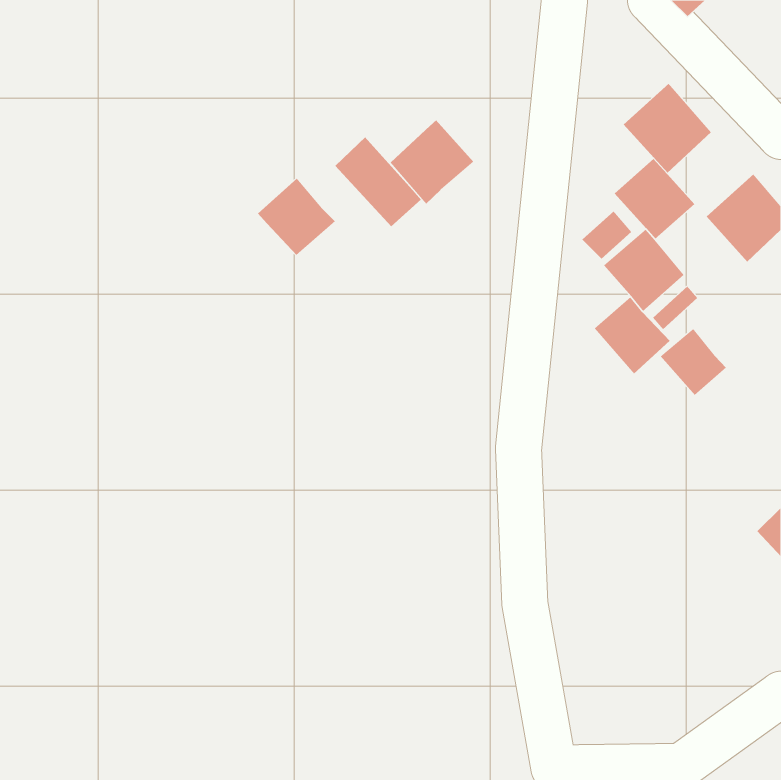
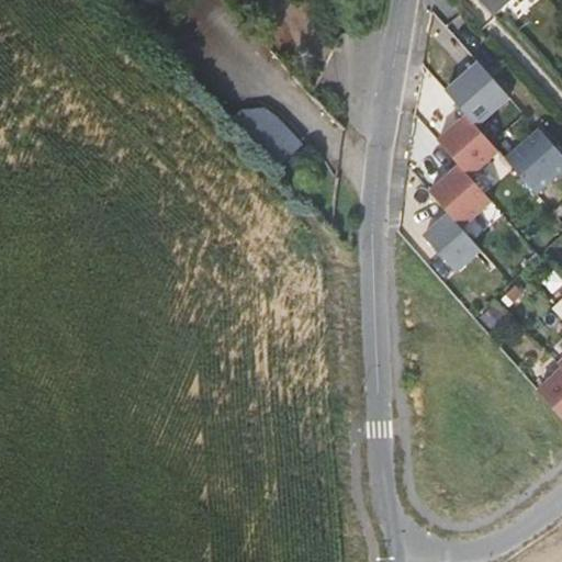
building: [390,120,474,204] -> none
building: [257,178,336,256] -> none
building: [660,328,727,396] -> none

